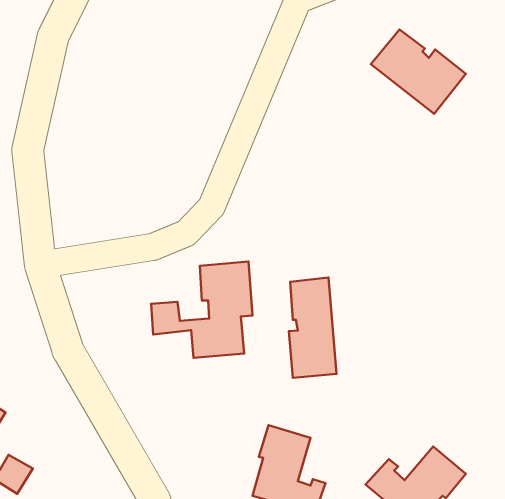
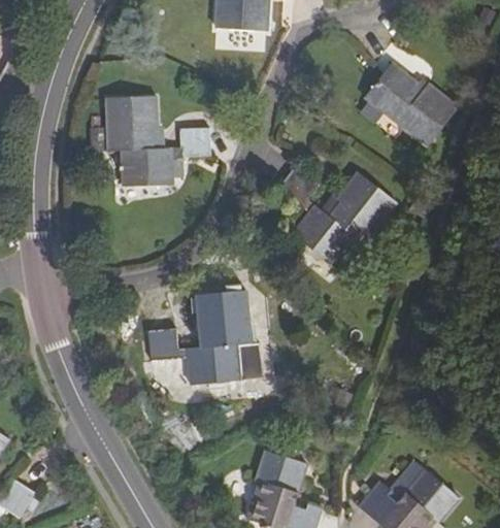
building: none -> [106,97,209,186]
building: none -> [279,167,396,263]
building: [289,278,336,378] -> none

